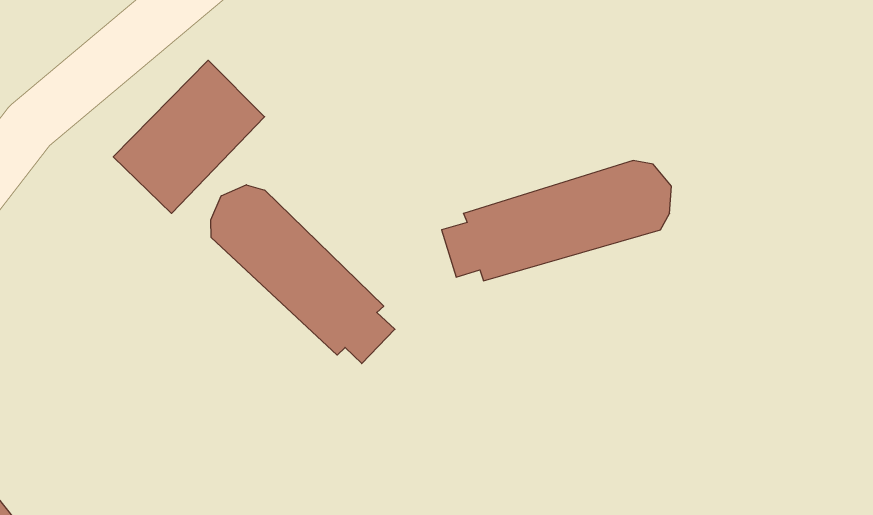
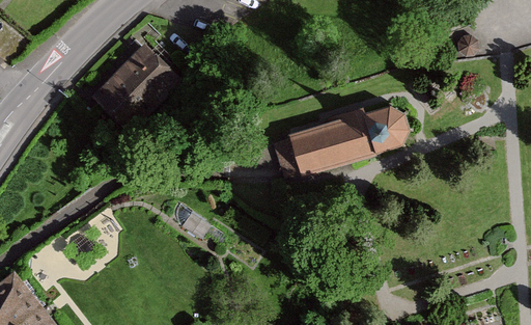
building: [211,185,395,364] -> none

